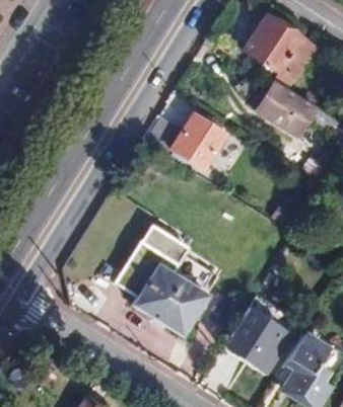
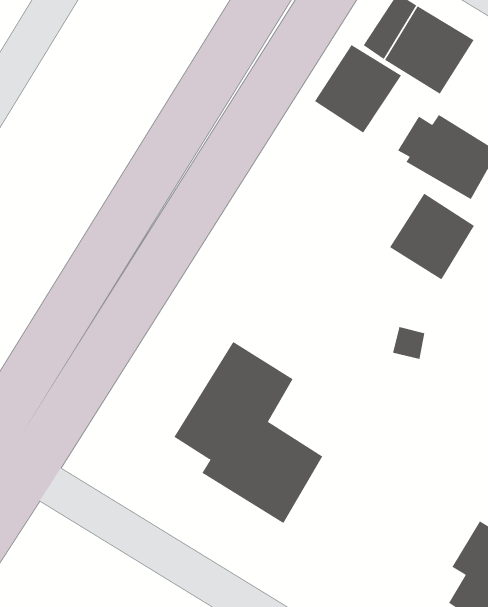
building: none -> [314,44,402,134]
building: [174,114,226,168] -> [389,193,475,280]
building: [234,312,292,374] -> none

